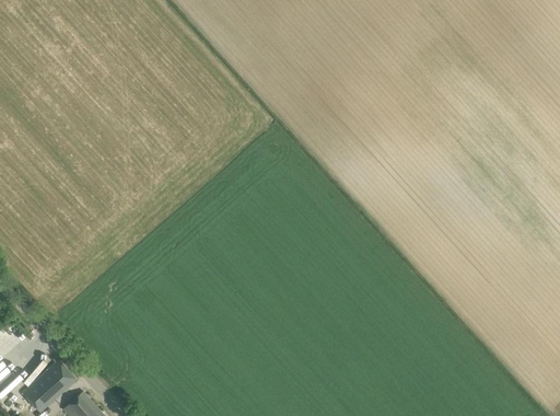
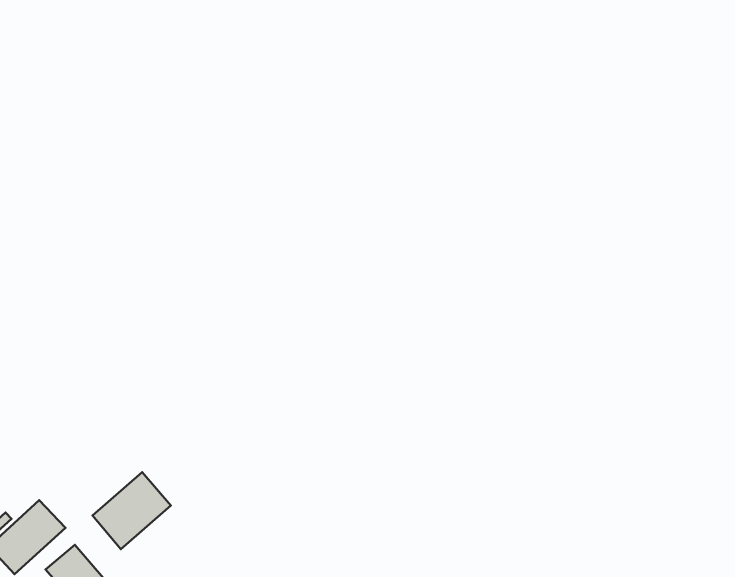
building: none -> [93,472,171,549]

